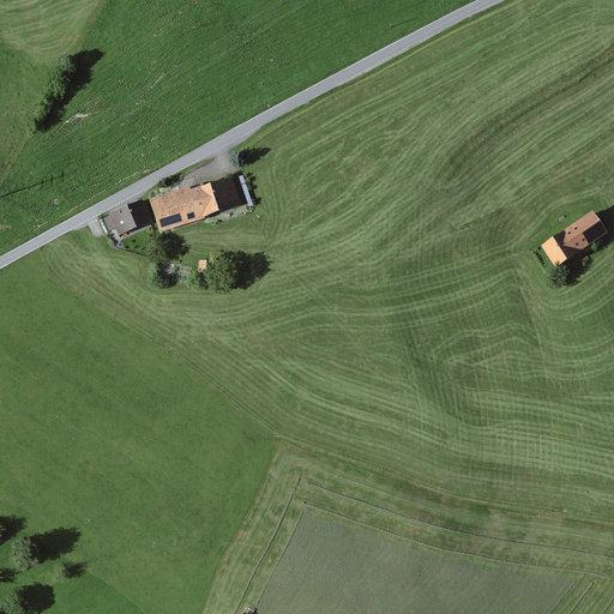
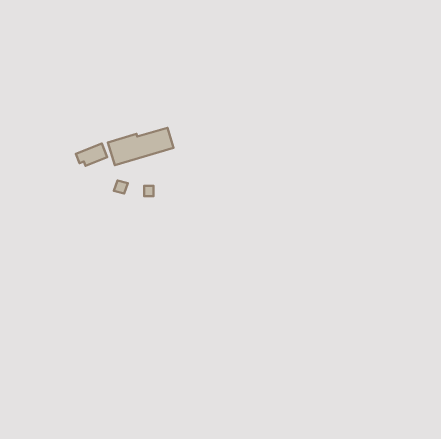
building: [542,211,607,265] -> none

